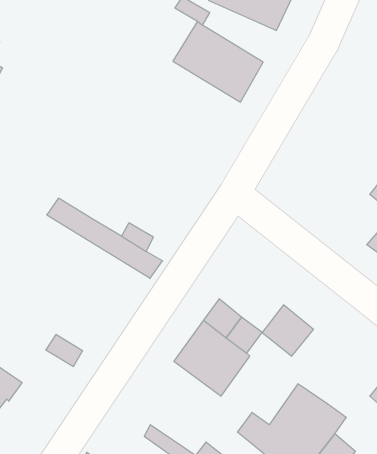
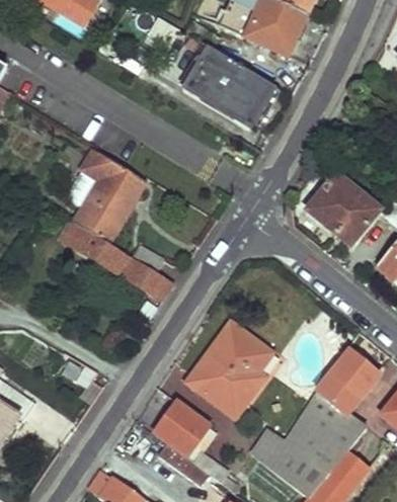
building: none -> [73,149,145,242]
building: none -> [309,174,380,245]
building: [262,305,313,356] -> [321,360,372,411]
building: none -> [153,401,206,453]

